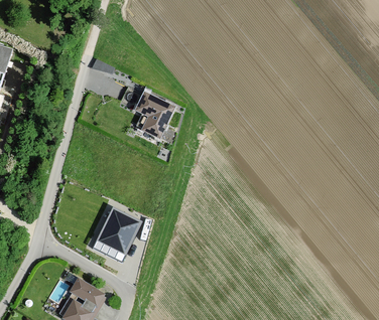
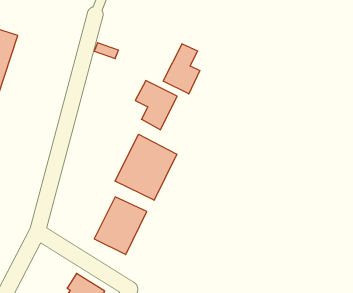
building: none -> [163,44,200,94]
building: none -> [115,134,177,200]

